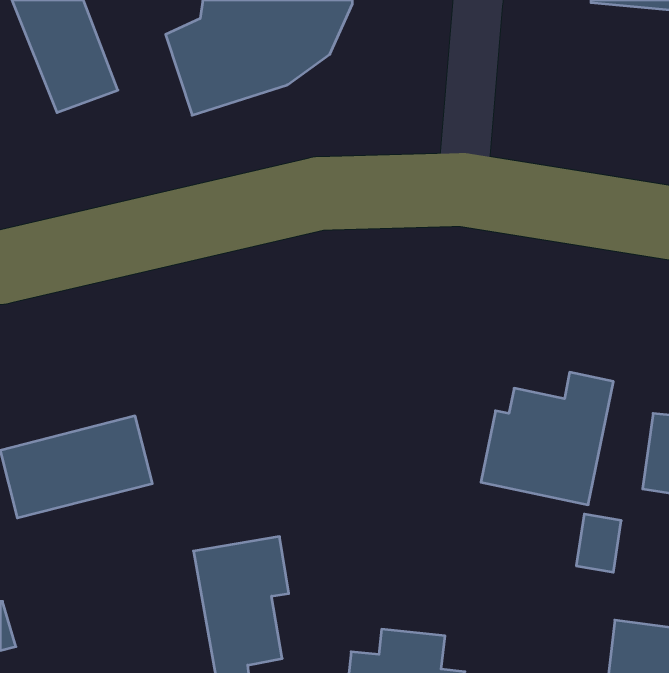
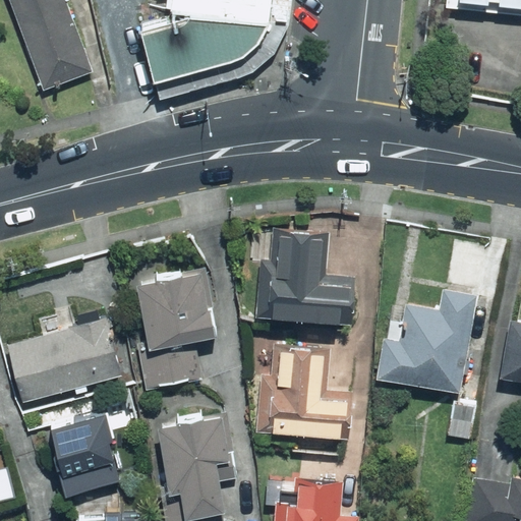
building: none -> [258,229,355,323]
building: none -> [137,272,213,387]
building: none -> [260,349,351,442]
building: none -> [47,413,128,512]

